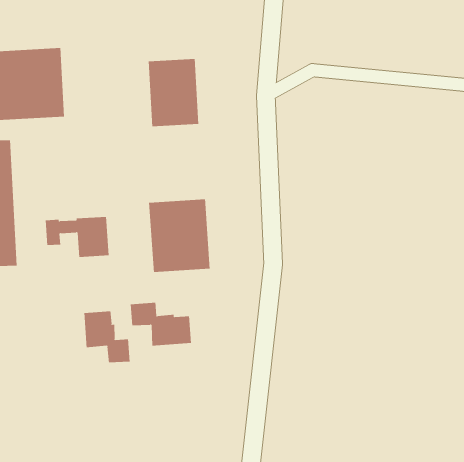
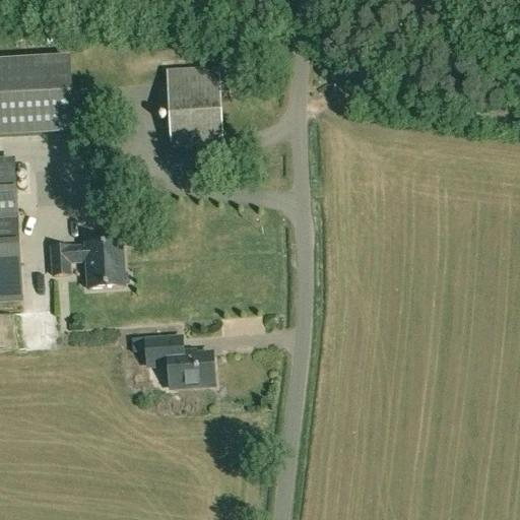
building: [149,199,210,273] -> none
building: [84,310,130,363] -> none

